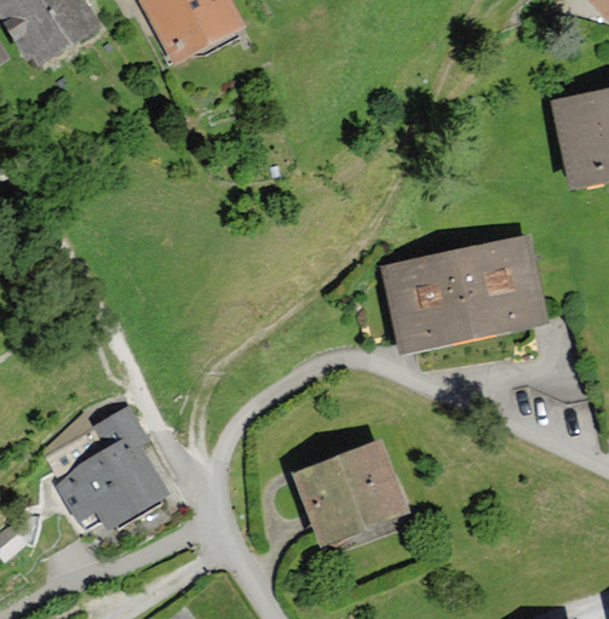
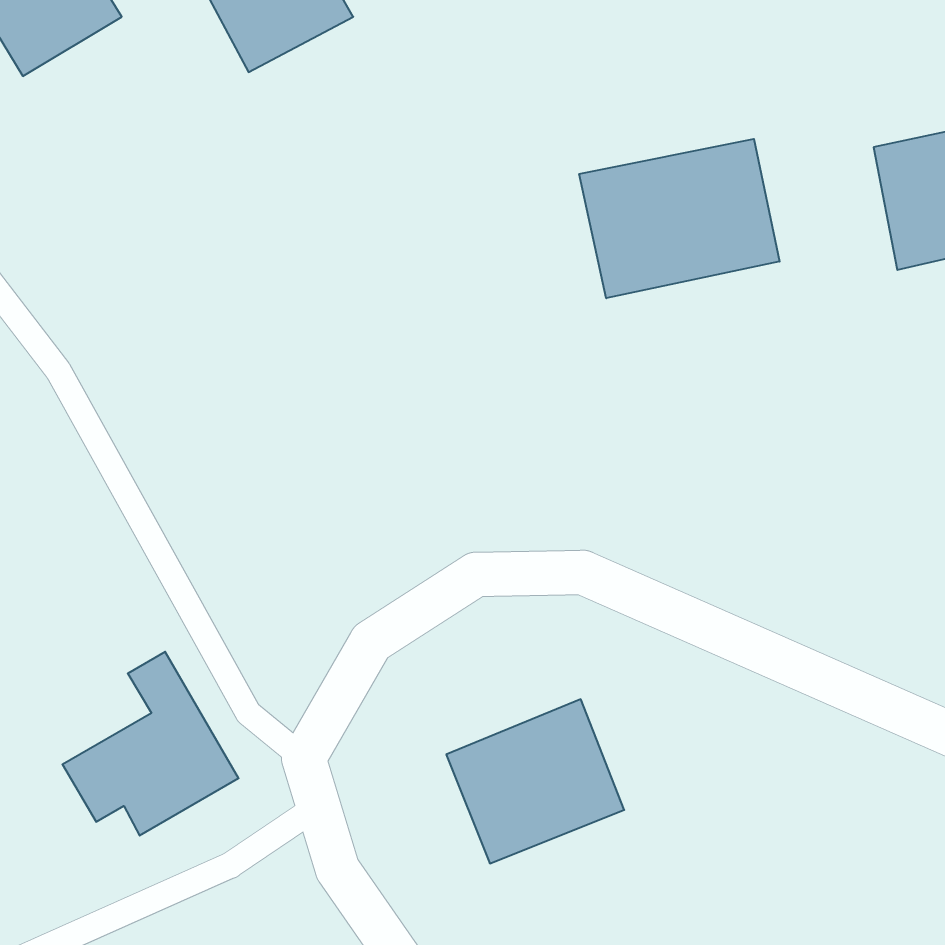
building: none -> [579,139,780,298]
building: [385,240,544,349] -> none

